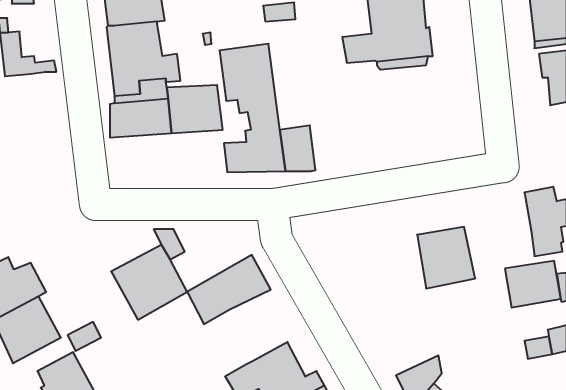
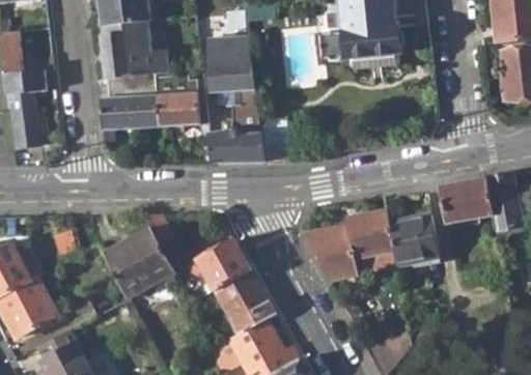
building: none -> [5,68,47,148]
building: none -> [303,211,396,281]
building: [505,261,561,308] -> [442,180,494,224]
building: none -> [214,270,276,337]

